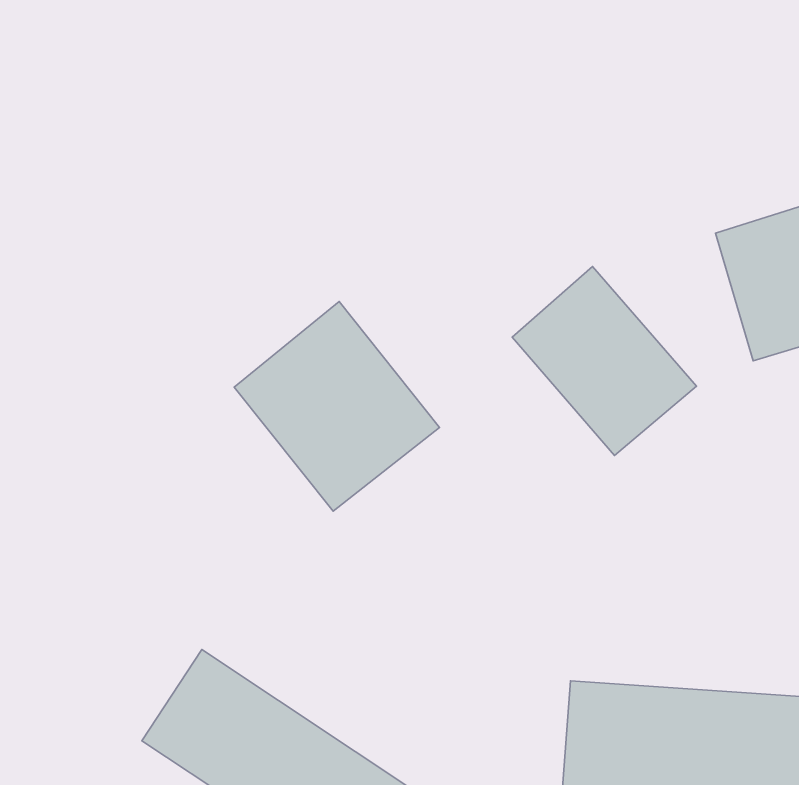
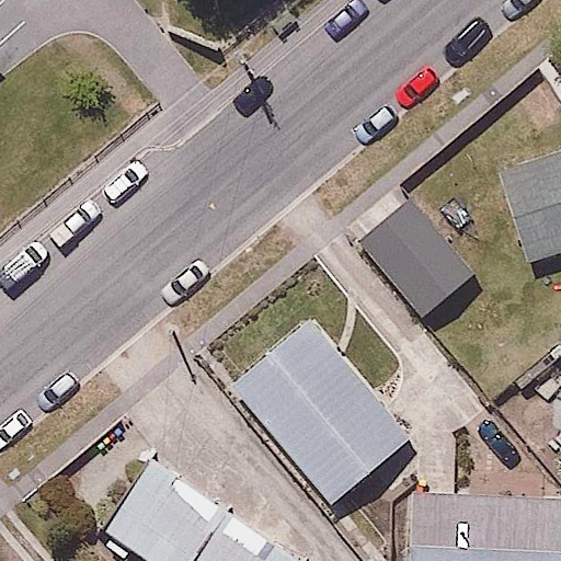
building: [234,302,440,511] -> none
building: none -> [227,311,417,511]

